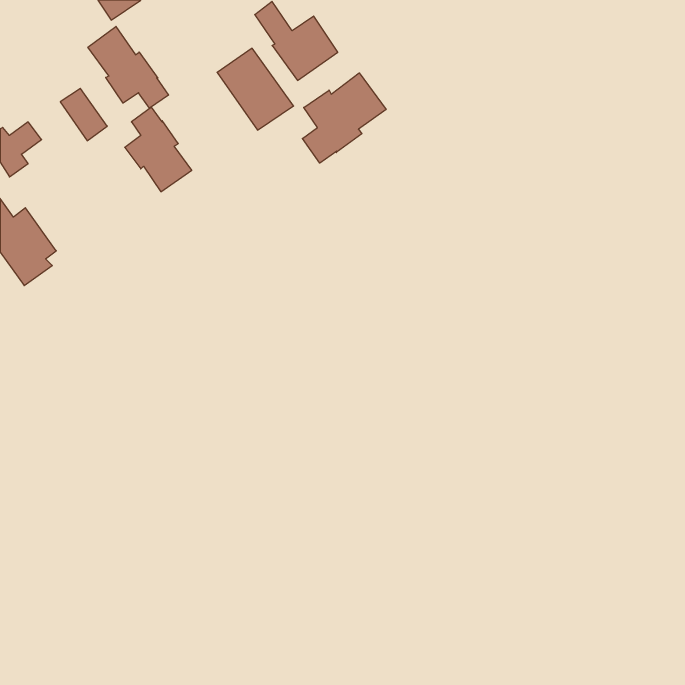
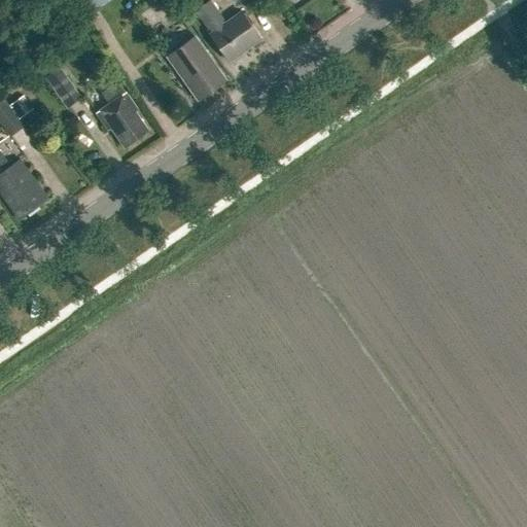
building: [88,26,169,108] -> none
building: [302,73,386,163] -> none

